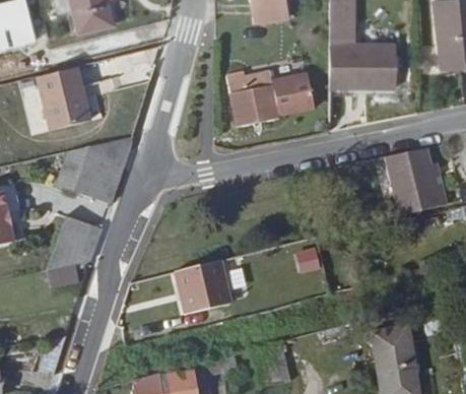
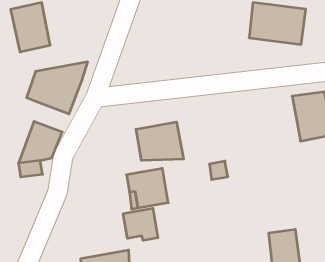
building: [226,70,314,127] -> none
building: none -> [136,122,184,160]
building: none -> [123,208,158,240]

